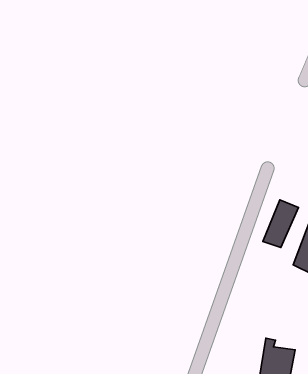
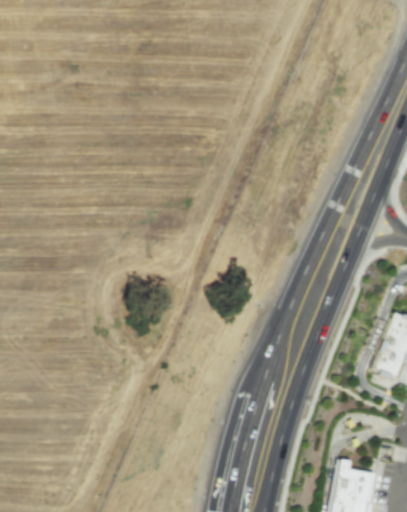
building: [263,200,298,248] -> none

